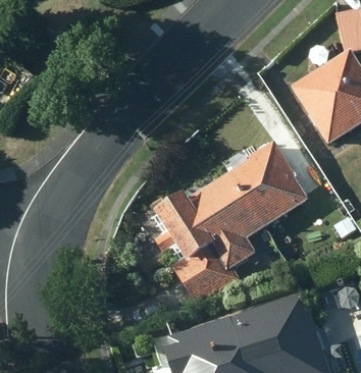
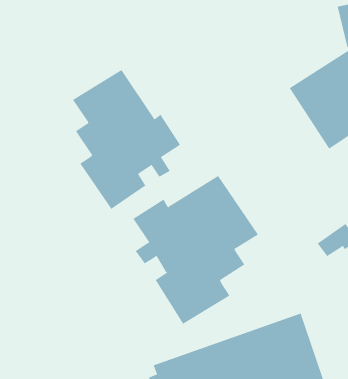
building: none -> [72,69,181,210]
building: [228,140,307,221] -> none

